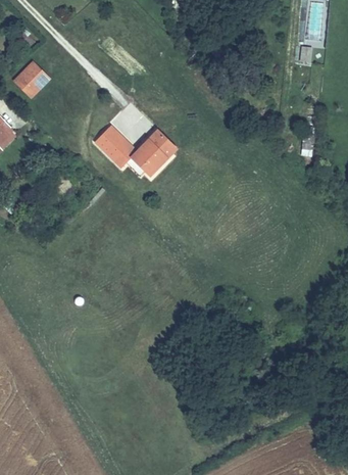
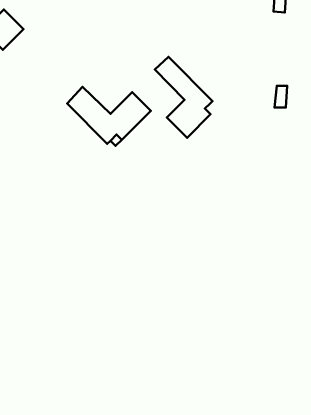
building: none -> [155,57,213,138]

